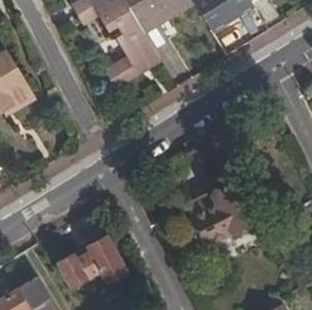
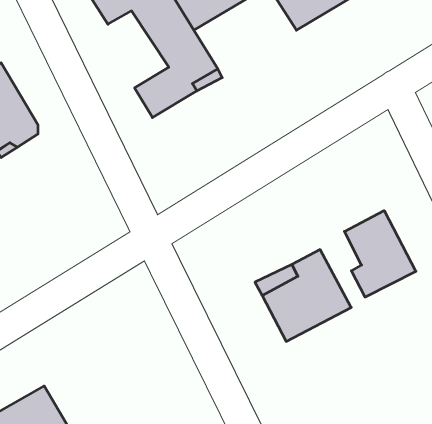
building: none -> [344,211,416,297]
building: [55,235,122,286] -> none

